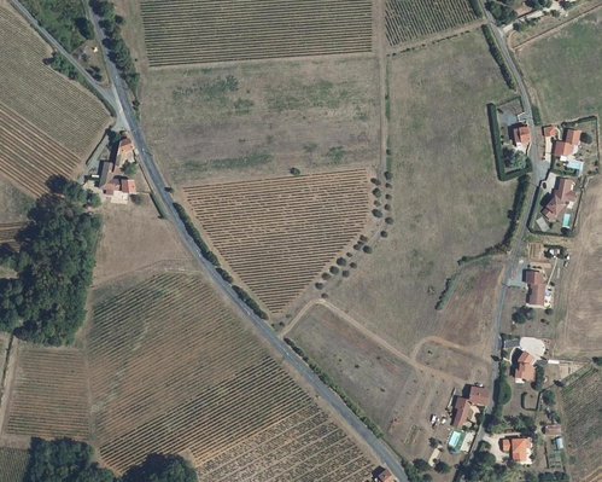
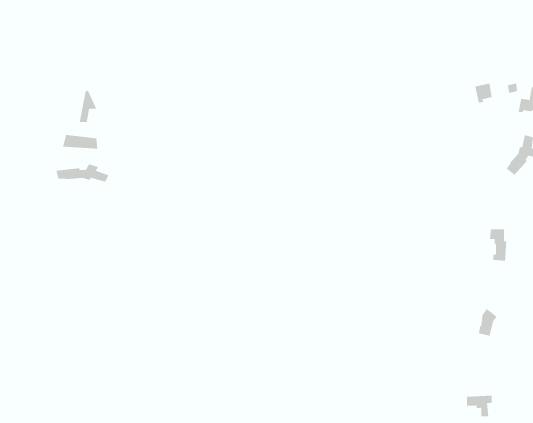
building: none -> [56,163,109,183]
building: [454,387,489,423] -> none

